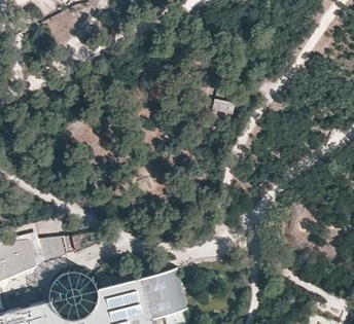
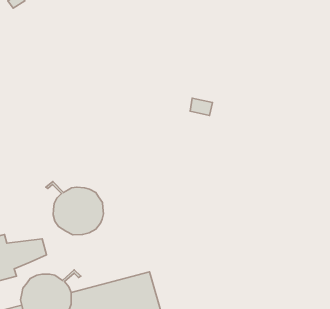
building: none -> [46,181,104,235]

